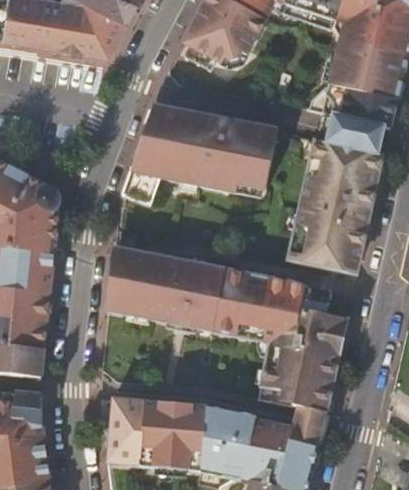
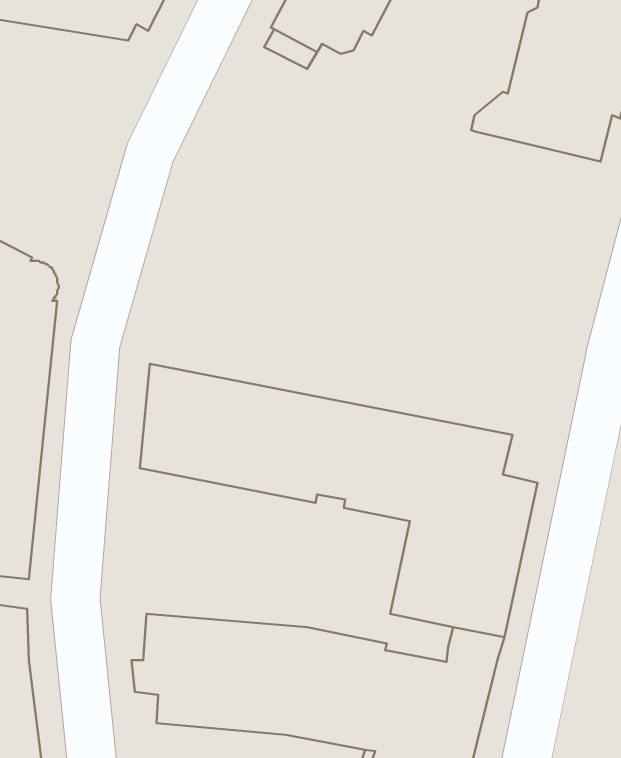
building: [122,103,279,202] -> none
building: [293,111,386,273] -> none

